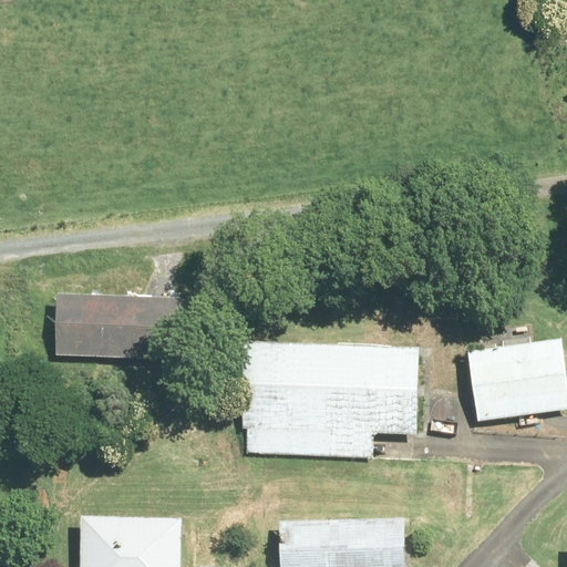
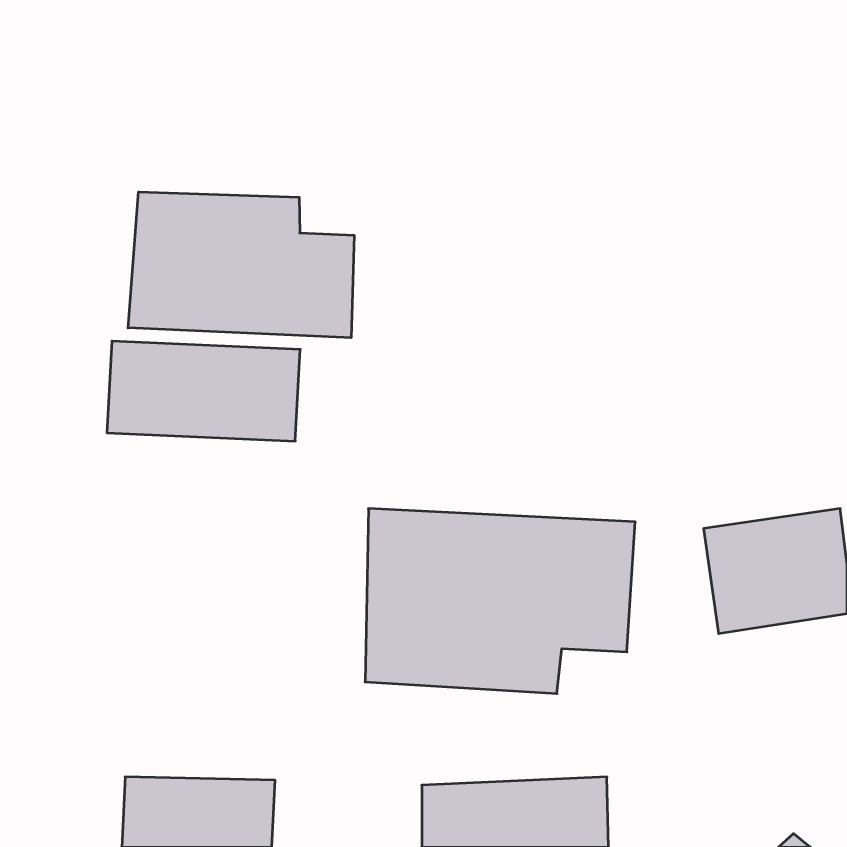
building: none -> [128,192,354,338]
building: [54,295,183,361] -> [107,341,300,441]

